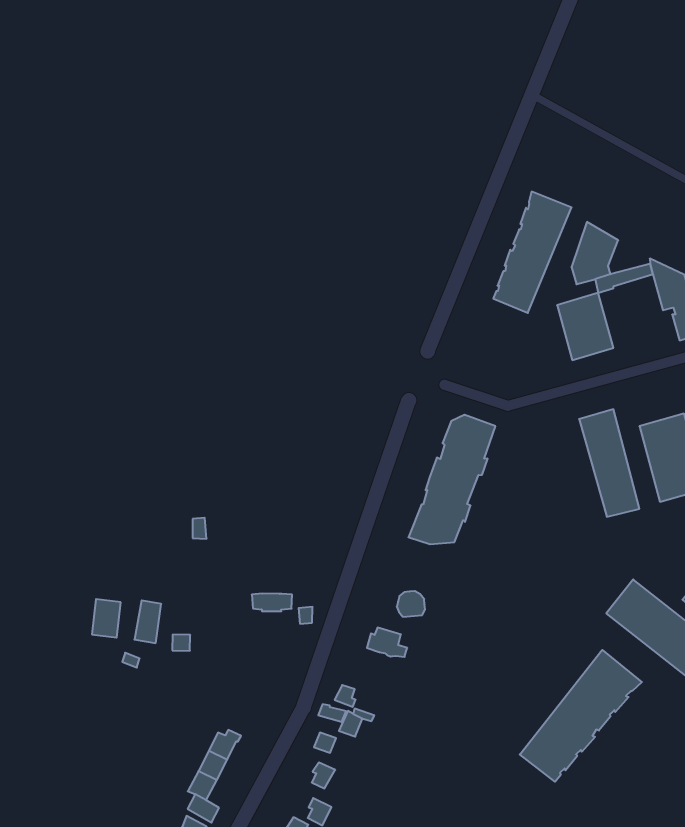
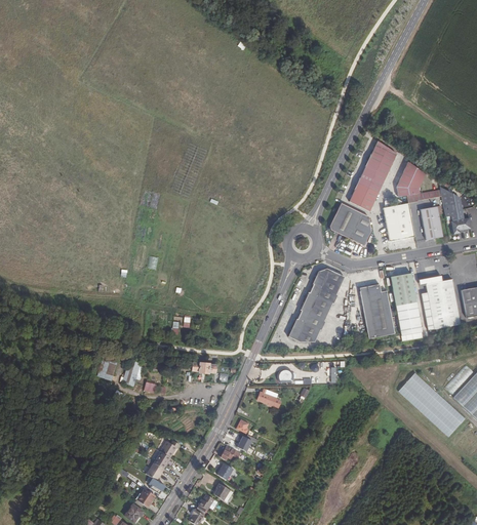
building: none -> [422,206,444,240]
building: none -> [327,203,369,245]
building: none -> [361,283,396,337]
building: [520,650,642,782] -> none

